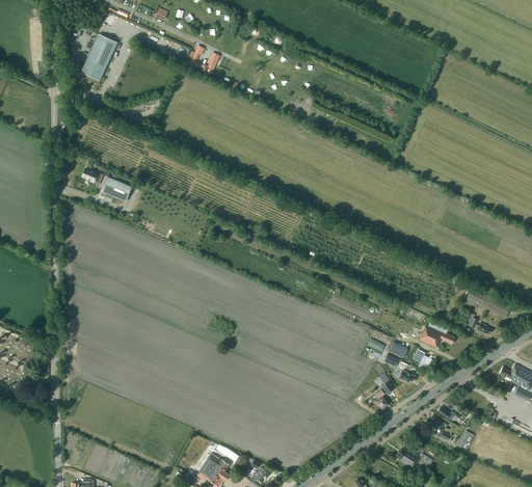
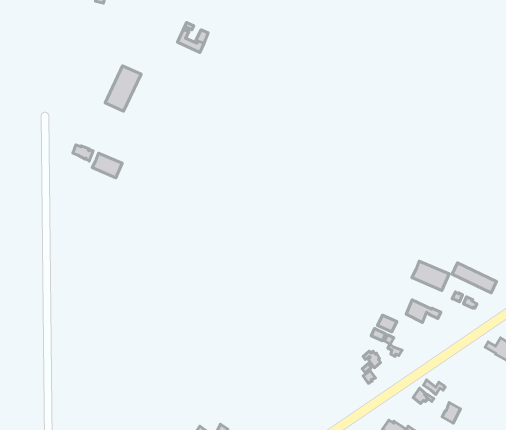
building: [80,34,116,80] -> [105,66,141,111]
building: none -> [412,261,449,290]

